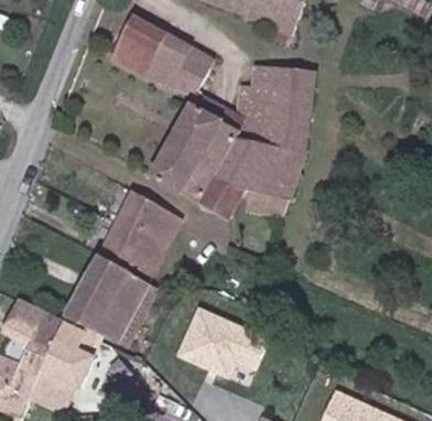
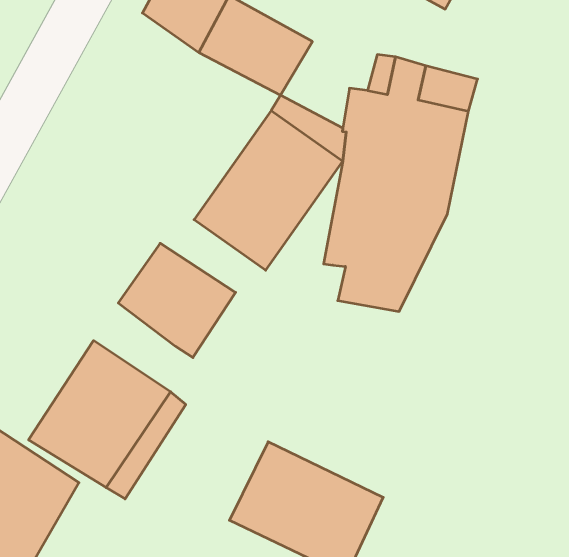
building: [193,130,233,216] -> none
building: [95,230,155,280] -> none

